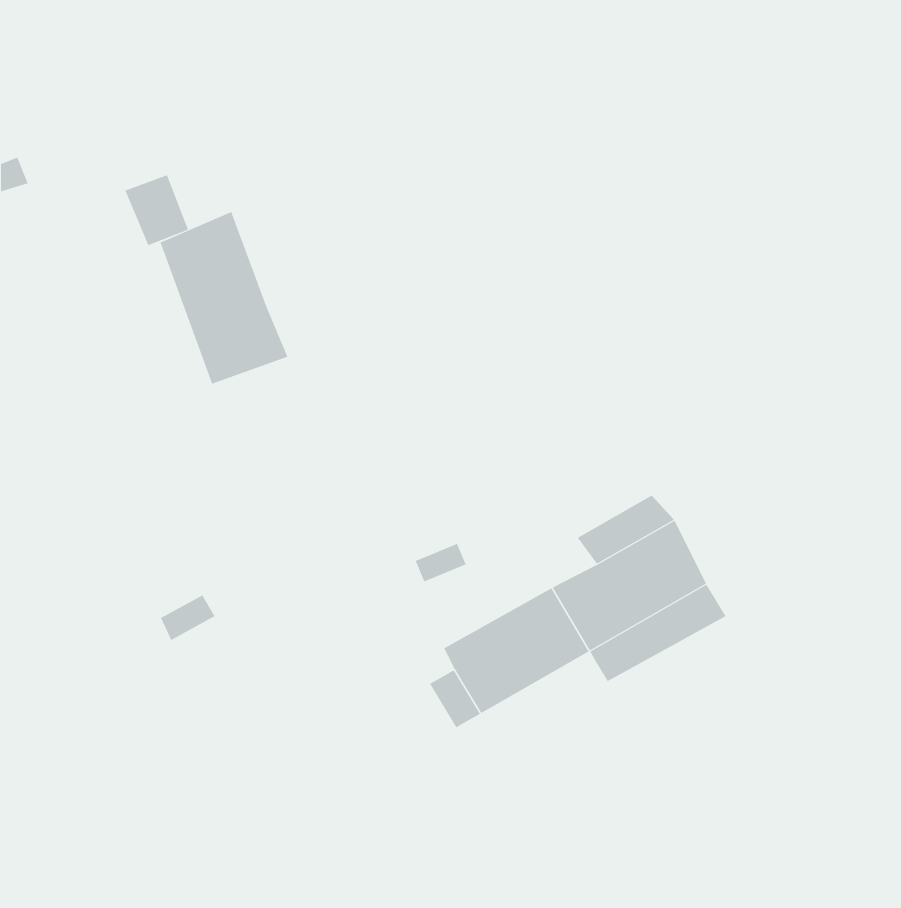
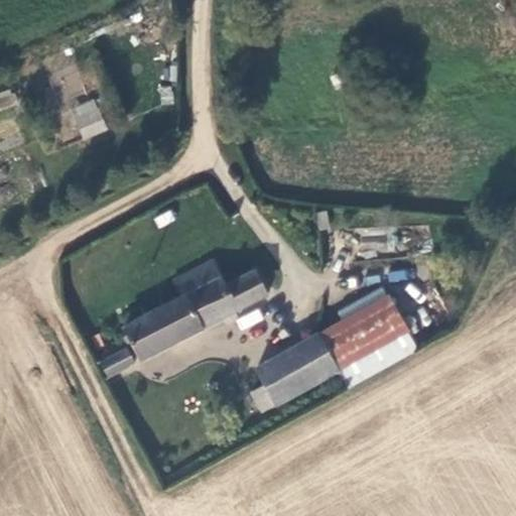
building: [160,211,288,385] -> none
building: none -> [126,260,266,359]

